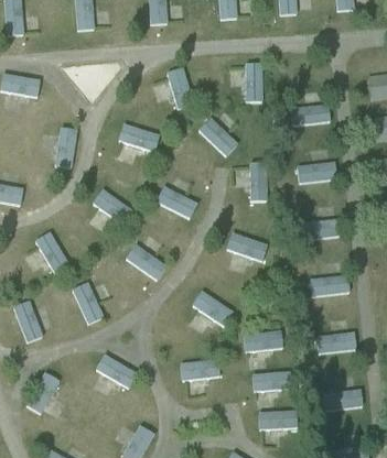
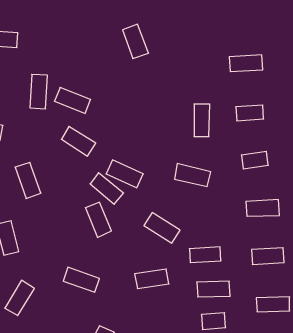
building: [243,62,264,101] -> none
building: [197,117,238,156] -> none
building: [117,122,160,153] -> [54,87,91,113]
building: [154,186,198,219] -> [106,160,143,188]
building: [72,282,103,324] -> [85,202,111,237]

